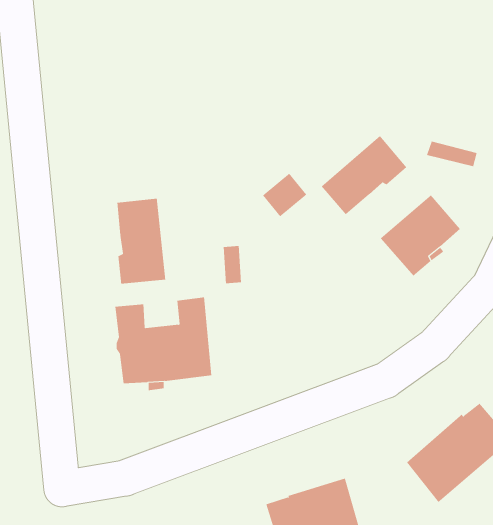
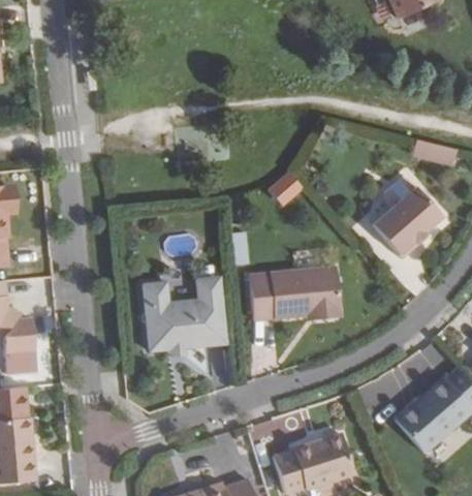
building: [321,135,407,215] -> none
building: [117,198,166,285] -> none
building: none -> [248,266,340,320]

